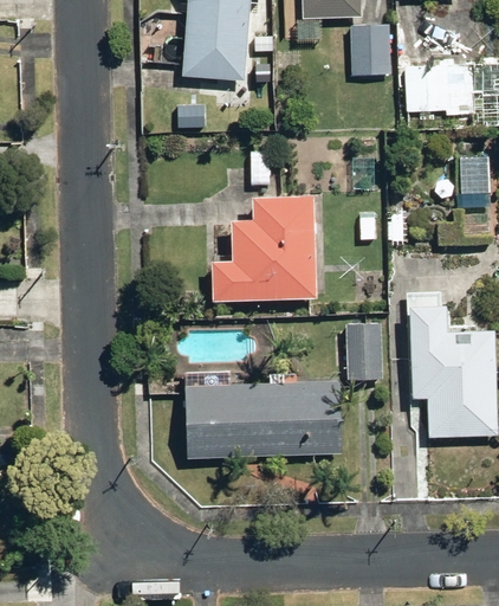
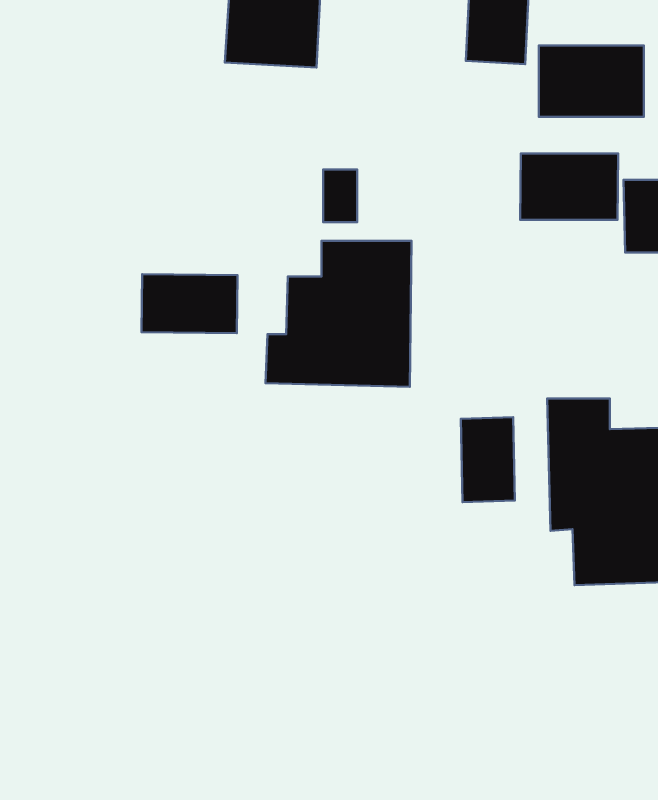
building: none -> [520,154,618,220]
building: none -> [141,274,238,333]
building: [186,381,338,457] -> none

